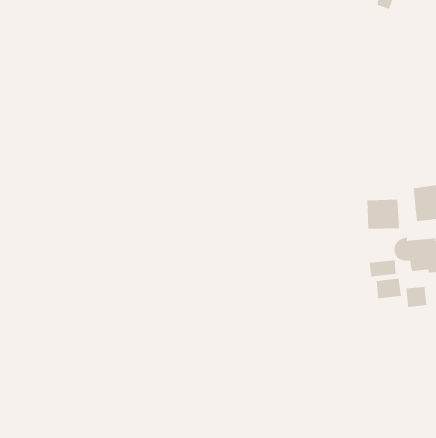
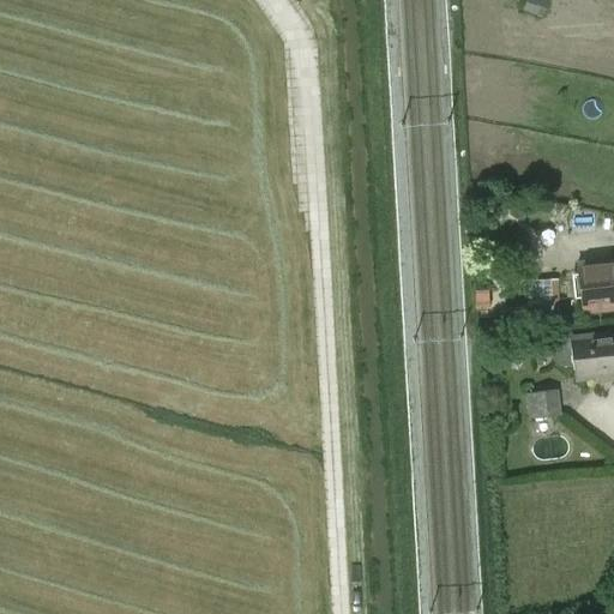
building: [369,259,396,277] -> none
building: [406,286,427,308] -> none

